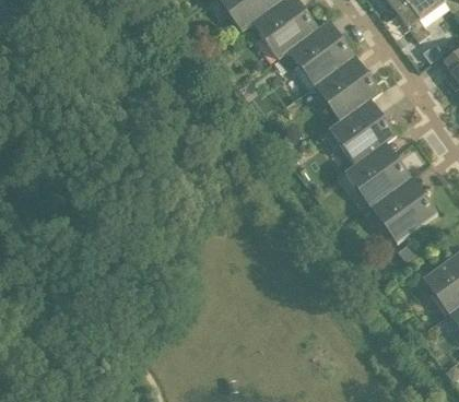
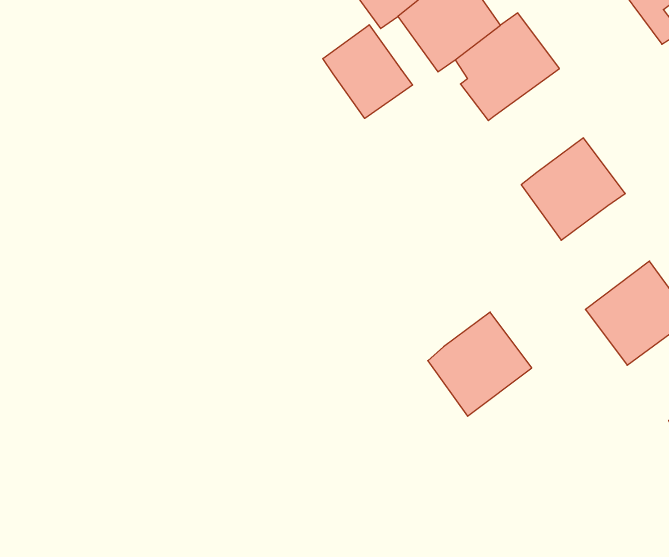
building: none -> [323,25,413,118]
building: [314,56,380,121] -> none
building: [345,142,411,208] -> [428,312,532,416]

